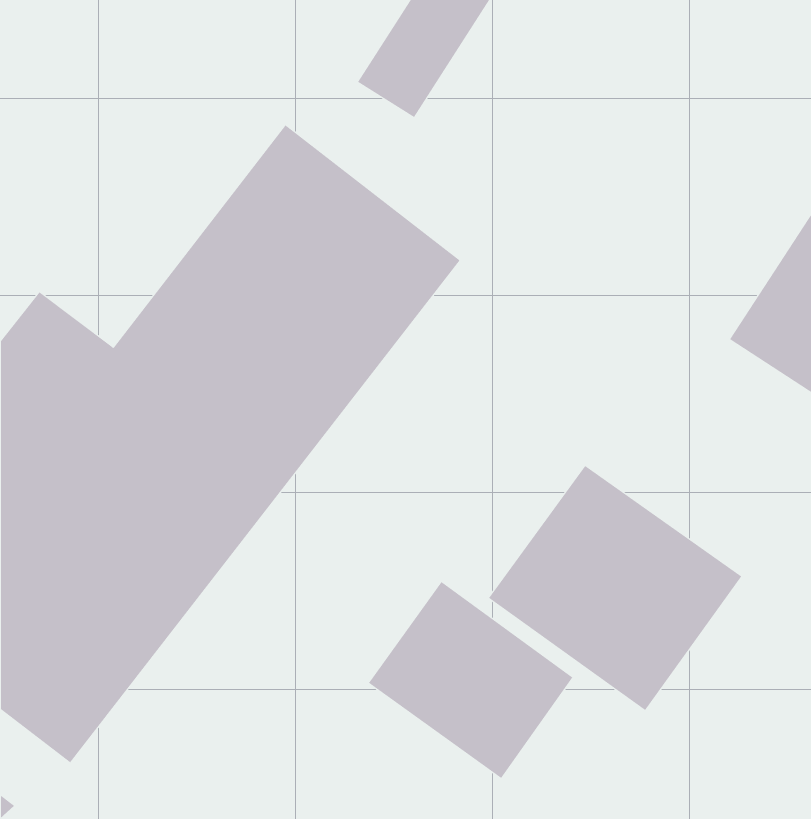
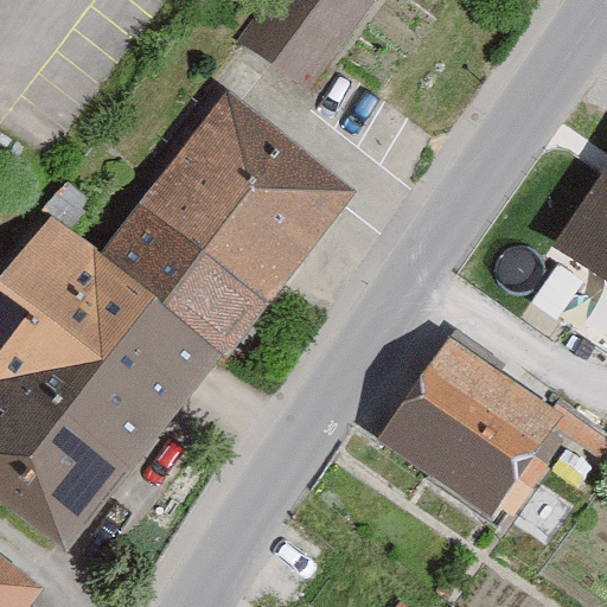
building: [368,581,573,779] -> none

